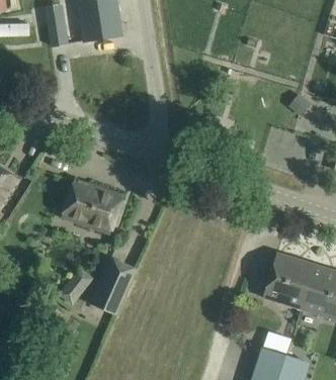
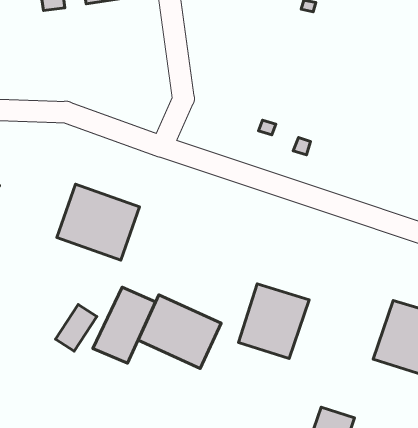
building: [262,253,316,309] -> [238,284,309,359]
building: none -> [138,295,221,368]

